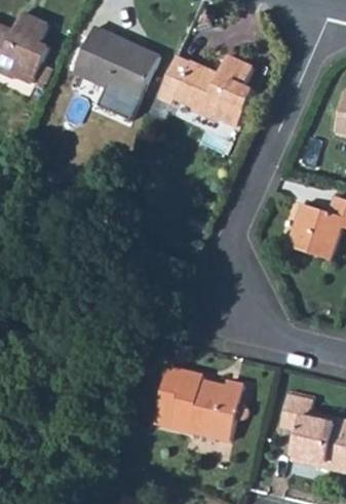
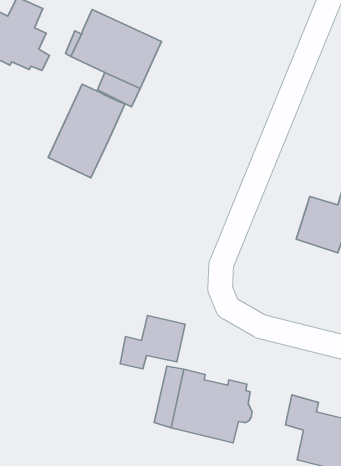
building: [159,55,255,126] -> none
building: none -> [48,84,125,178]
building: none -> [120,316,185,369]

